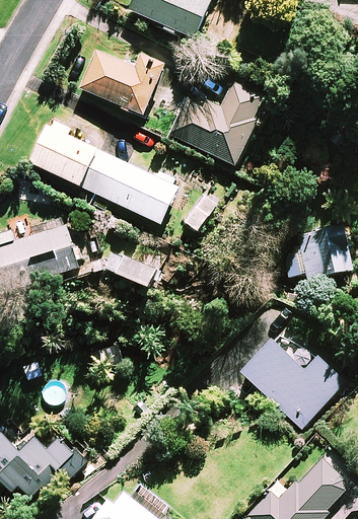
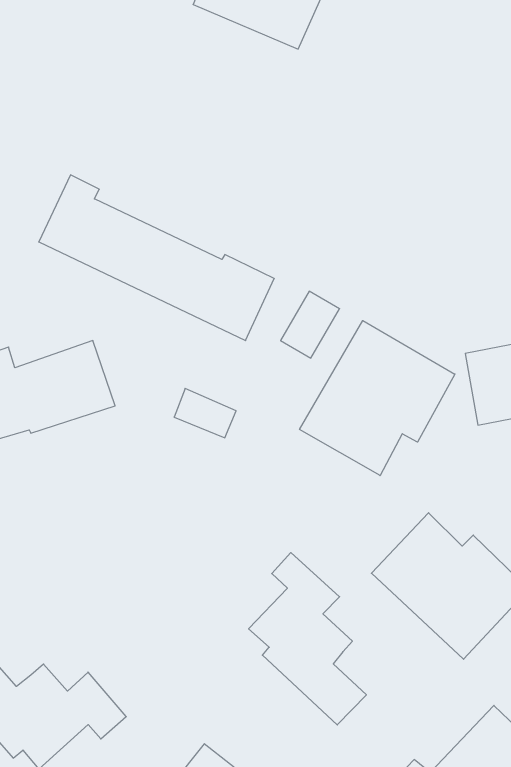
building: [78,51,164,116] -> none
building: [169,80,267,165] -> none
building: none -> [300,321,455,476]
building: none -> [249,553,366,725]

